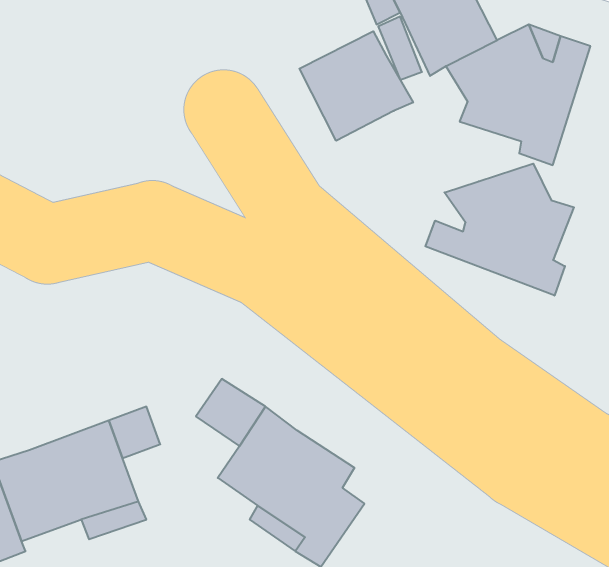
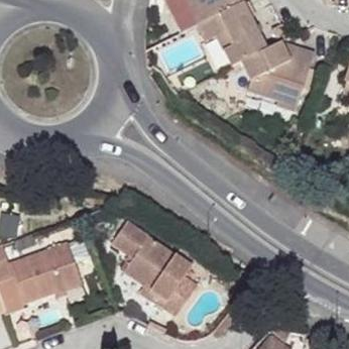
building: [299,31,413,141] -> none
building: [425,164,574,296] -> none

